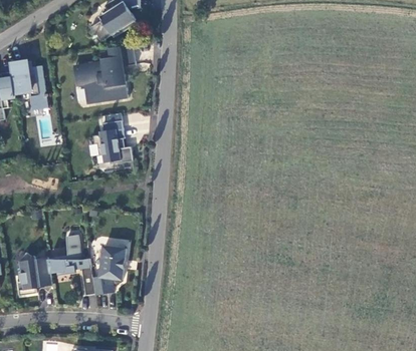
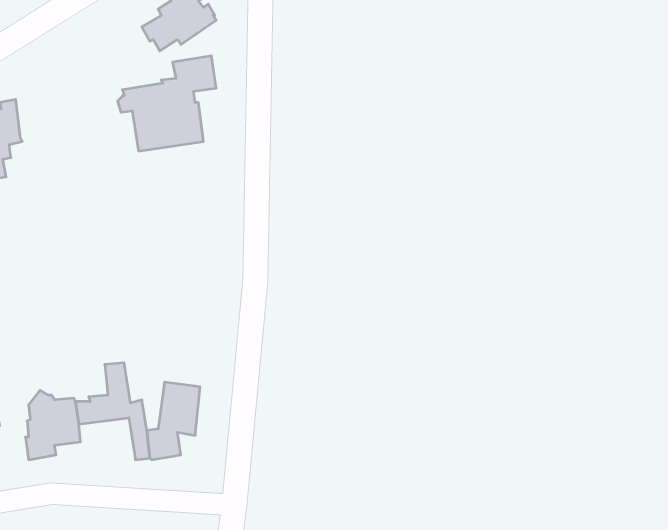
building: [8,59,47,109] -> none
building: [91,119,132,163] -> none

